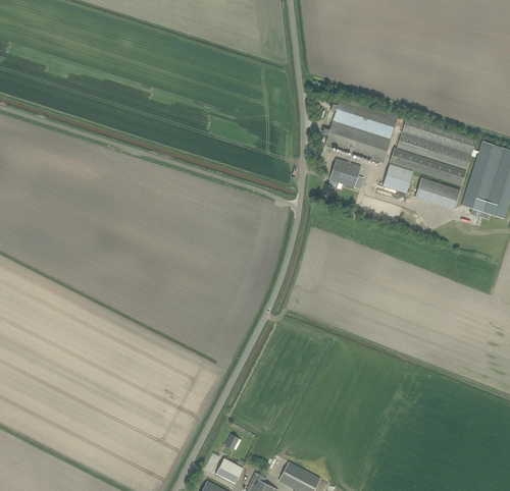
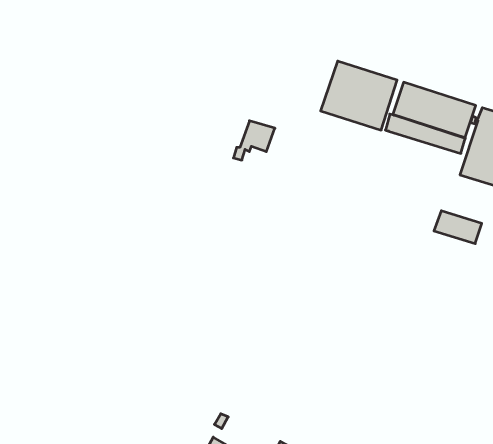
building: [321,159,361,197] -> [233,121,275,160]
building: [382,164,413,194] -> none
building: [414,180,460,212] -> [434,211,482,244]

